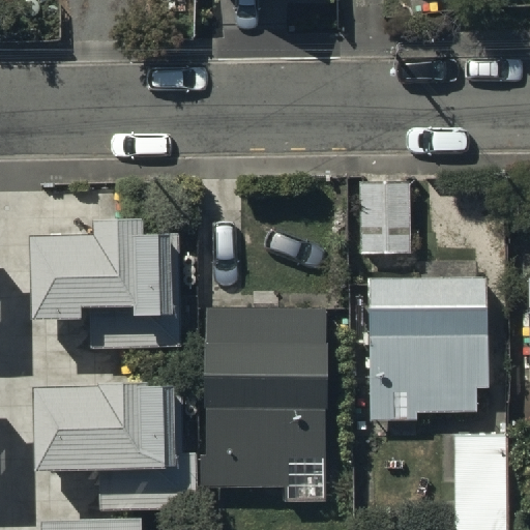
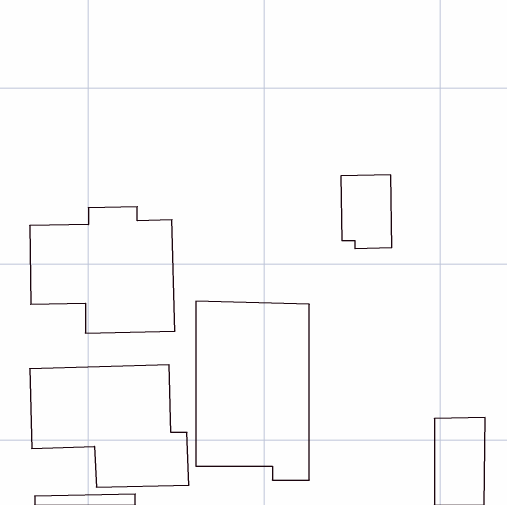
building: [366,278,488,421] -> none

